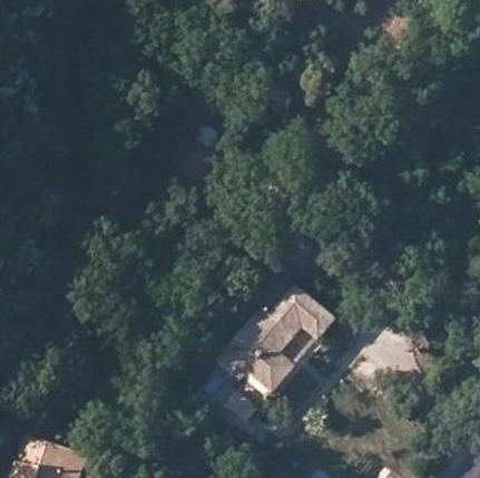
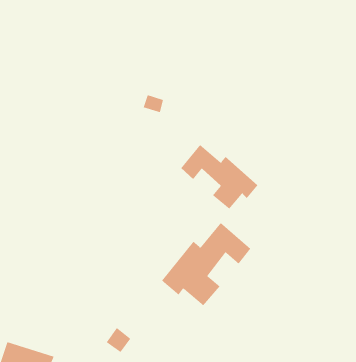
building: none -> [180,144,258,209]

